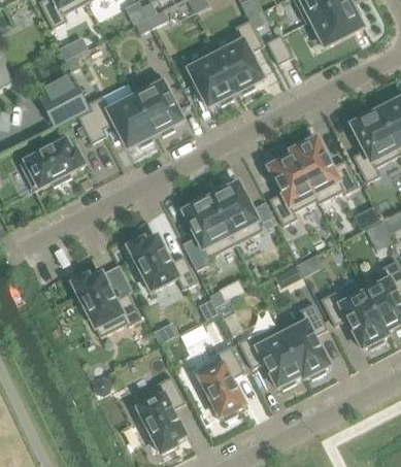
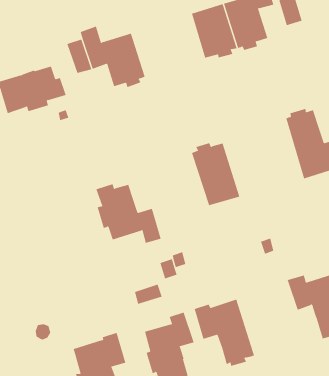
building: [131,71,183,135] -> none
building: [41,81,87,124] -> none
building: [268,148,319,224] -> none
building: [183,194,235,257] -> none
building: [72,271,141,335] -> none
building: [276,301,330,377] -> none

